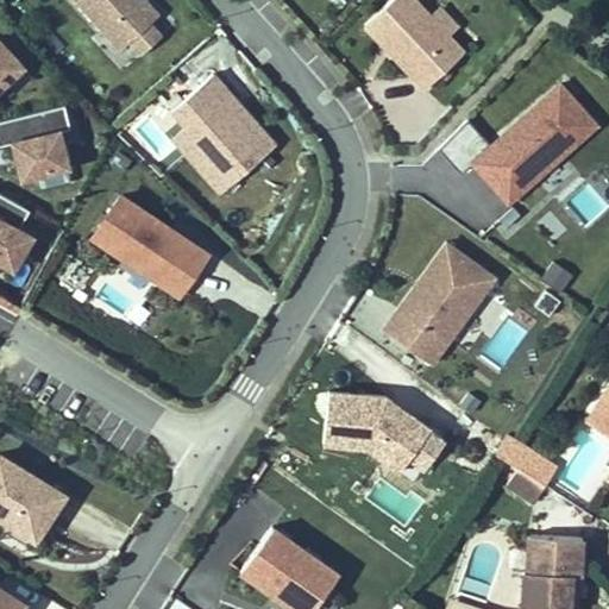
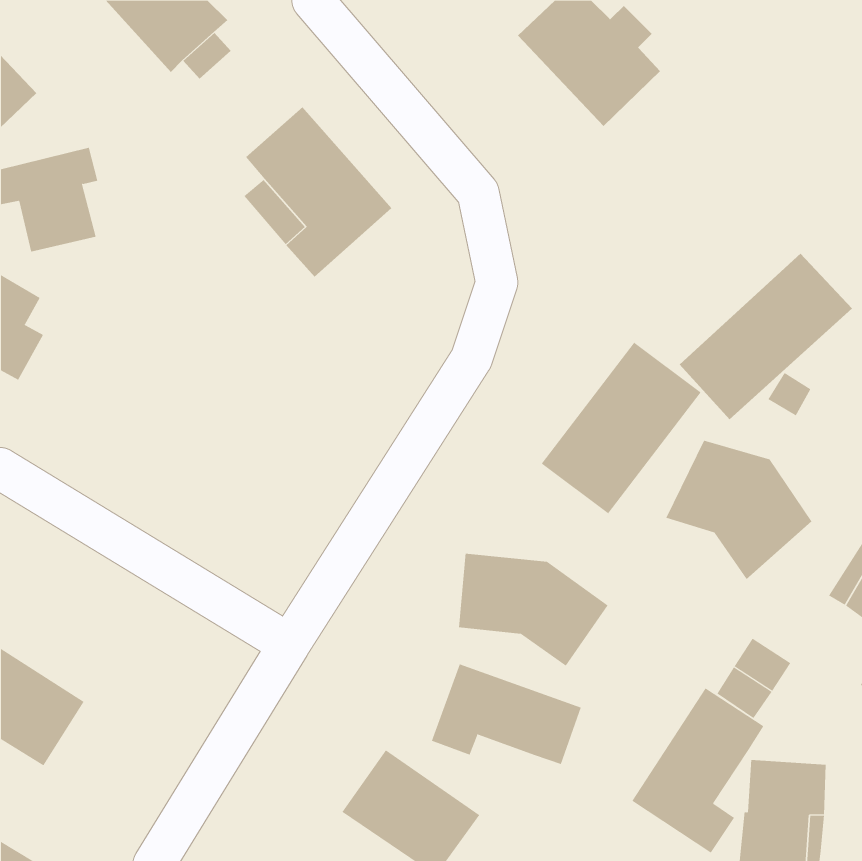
building: [472,84,595,202] -> [679,253,853,420]
building: [89,196,211,300] -> none
building: none -> [665,440,812,580]
building: none -> [431,663,582,765]
building: none -> [631,687,764,854]

